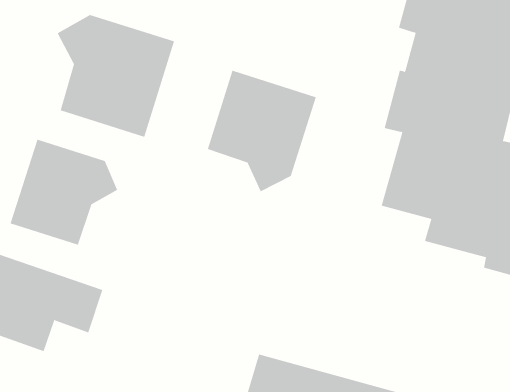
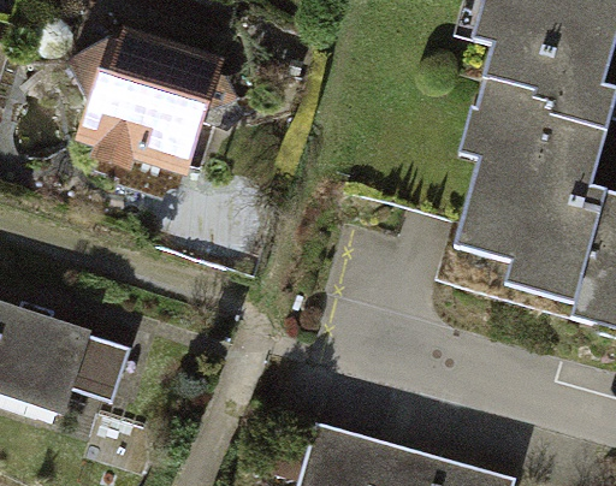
building: [207,70,316,192] -> none
building: [10,139,118,245] -> none

